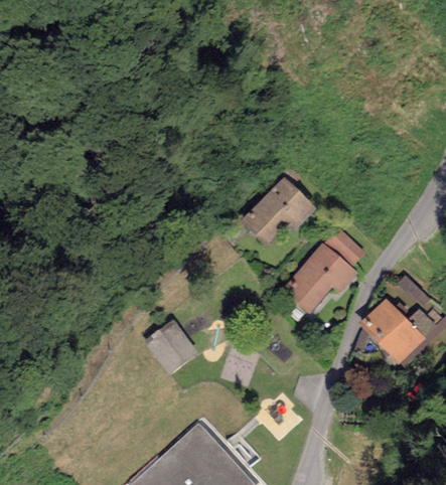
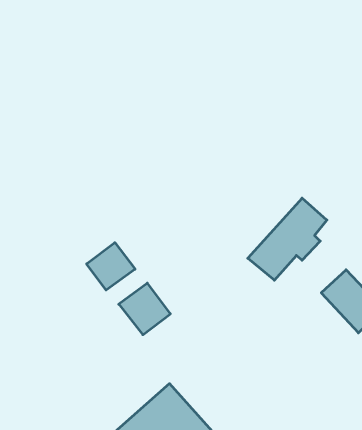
building: [239,177,315,247] -> none
building: none -> [87,243,135,290]

